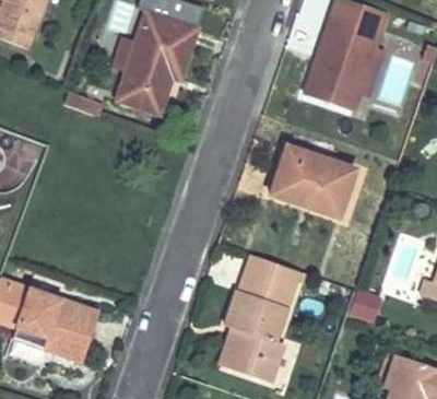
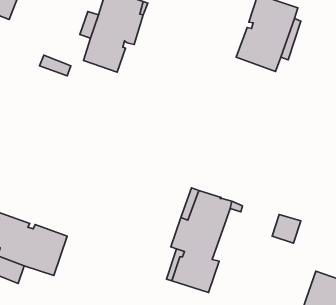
building: [269,145,354,216] -> none

